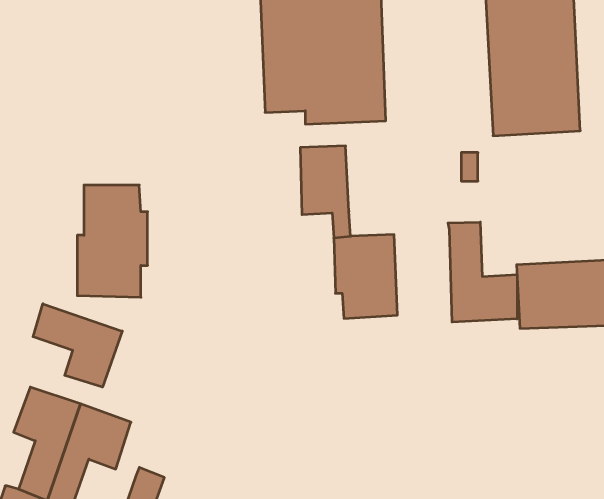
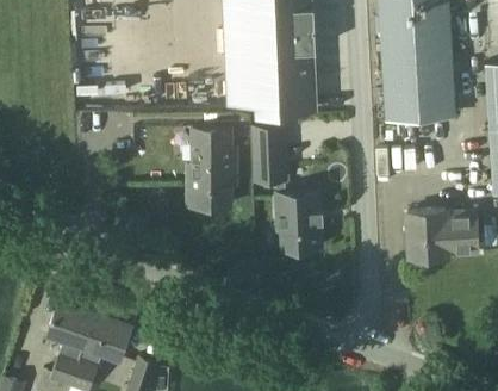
building: [77,185,148,297] -> [187,130,237,210]
building: [448,222,517,322] -> none
building: [33,304,122,387] -> none

